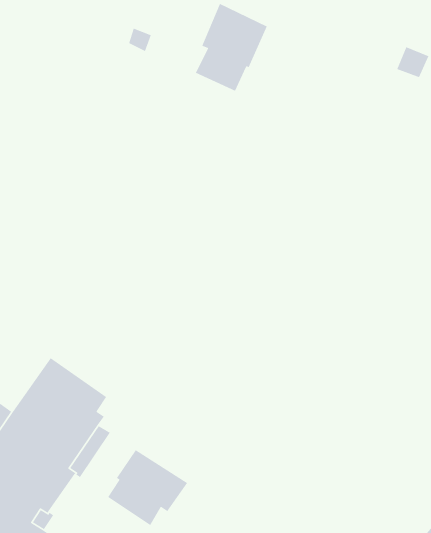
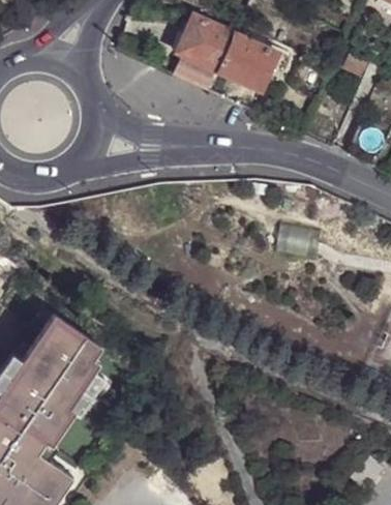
building: none -> [218,36,277,91]
building: [107,449,188,526] -> none

